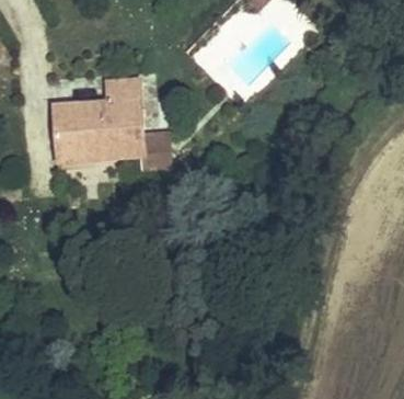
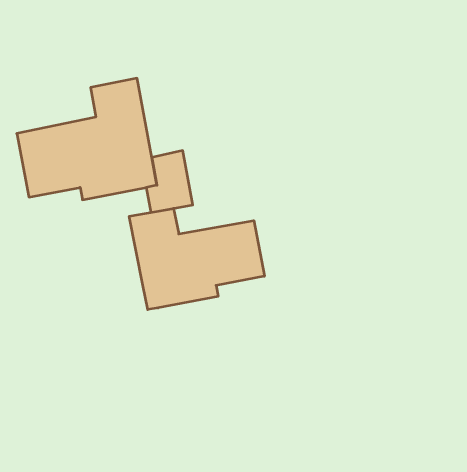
building: none -> [129,208,264,310]

